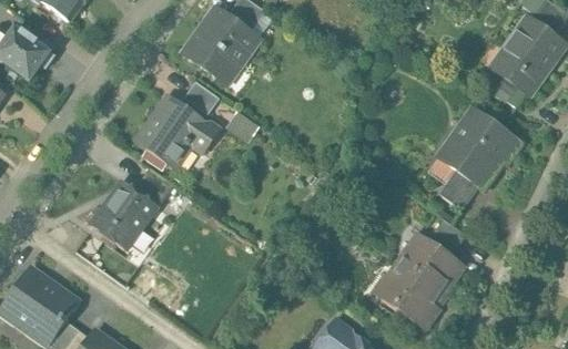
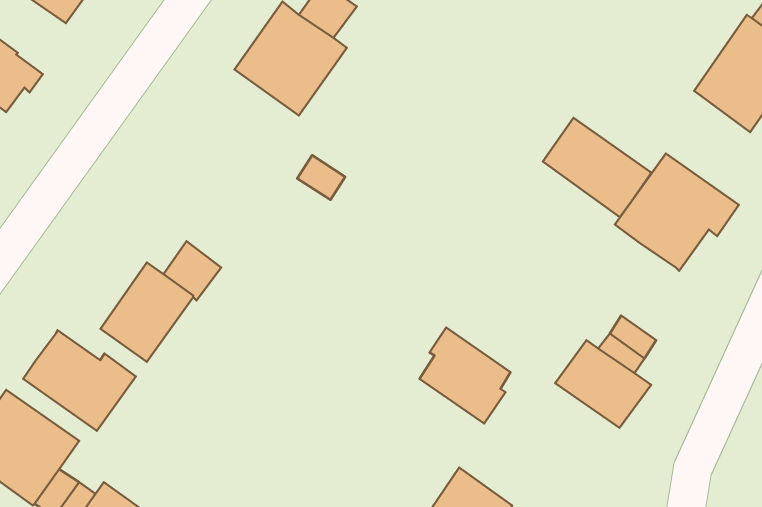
building: [183,81,219,115] -> none
building: none -> [543,118,651,217]
building: [135,95,219,170] -> none
building: [438,170,478,209] -> none
building: none -> [23,330,136,431]
building: [379,264,440,328] -> [420,328,511,423]

